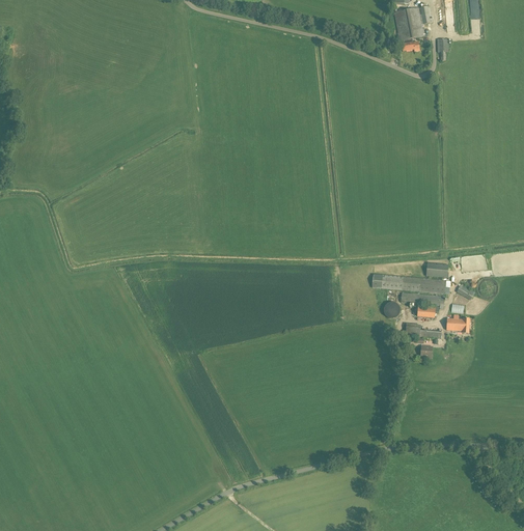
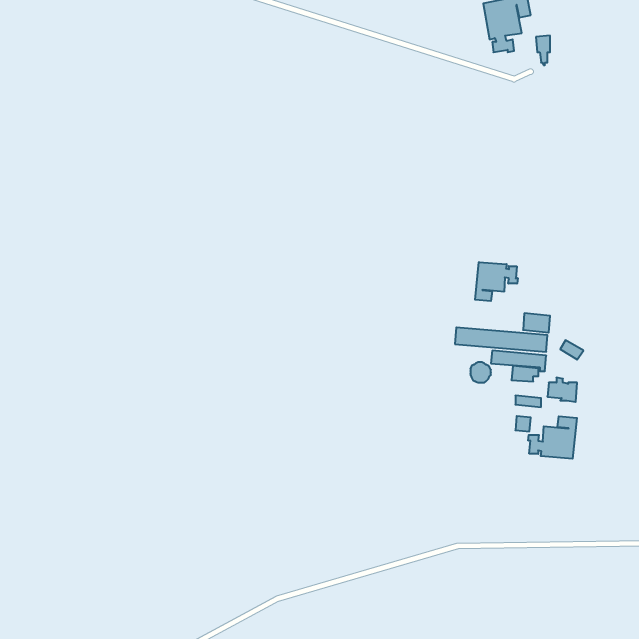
building: none -> [475,262,518,301]
building: none -> [528,416,577,459]

